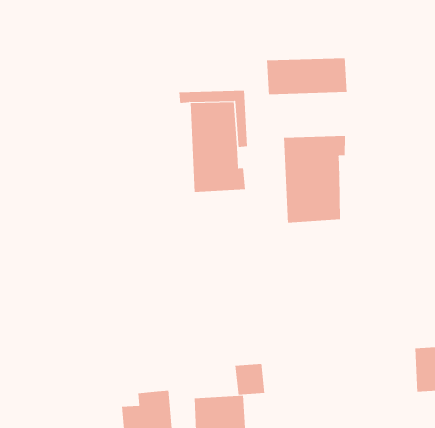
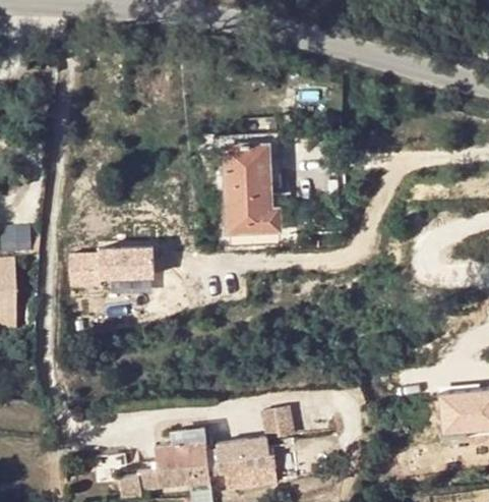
building: [267,57,347,95] -> none
building: [284,135,345,223] -> none
building: none -> [69,246,164,286]

